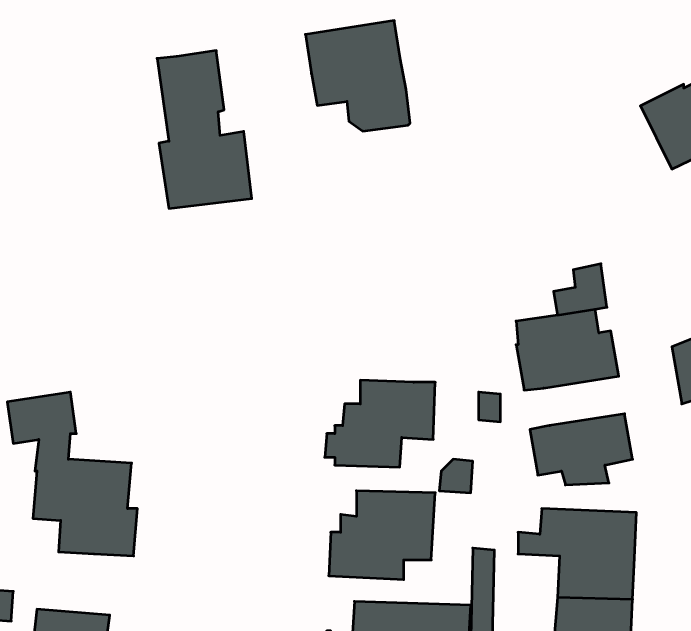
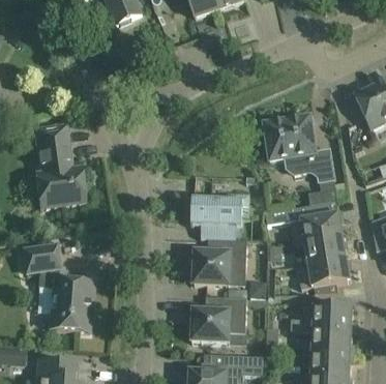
building: [305,21,410,131] -> [264,114,319,172]
building: [157,51,252,208] -> [34,124,84,207]
building: none -> [191,193,249,239]
building: none -> [304,236,347,262]

